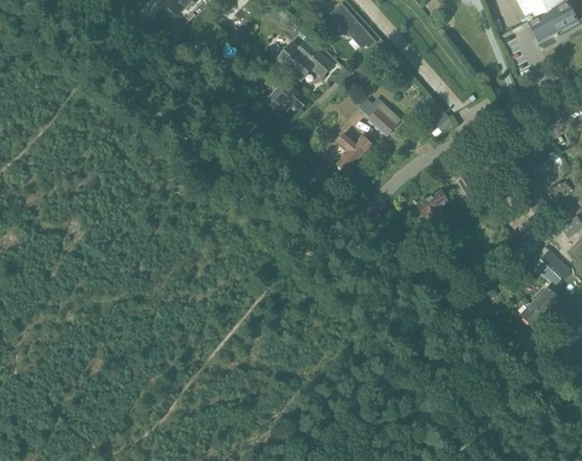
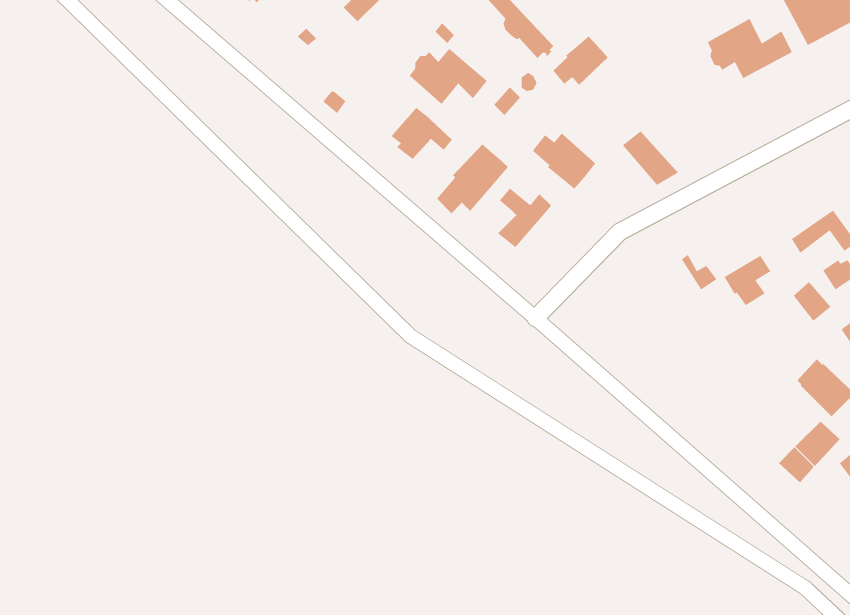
building: none -> [707,18,793,79]
building: none -> [553,36,608,86]
building: none -> [436,143,509,214]
building: [417,189,448,223] -> [724,255,771,306]

